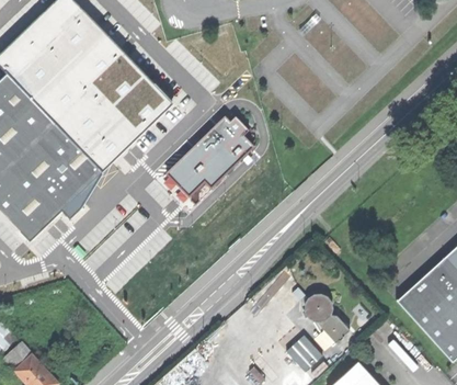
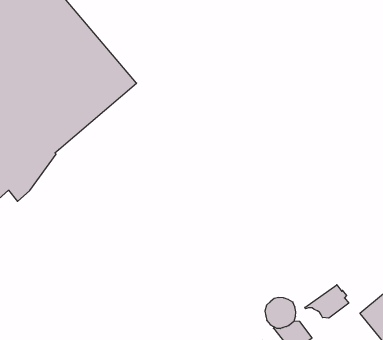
building: [164,115,254,199] -> none
building: none -> [305,285,349,318]

